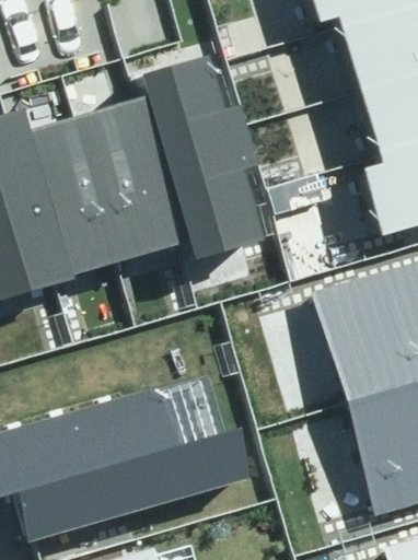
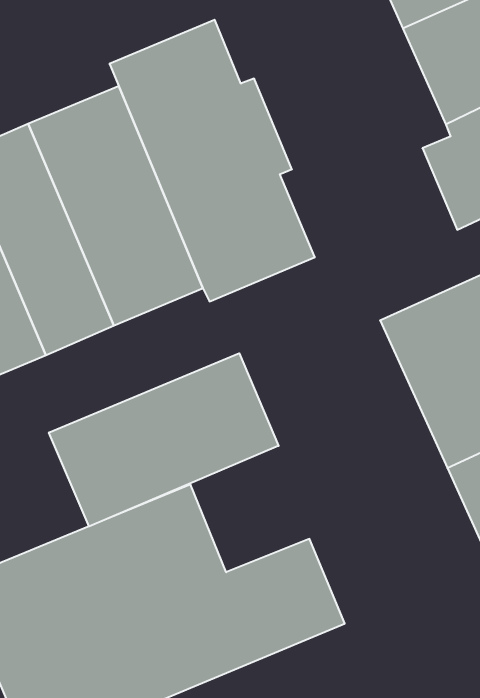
building: none -> [49,353,279,526]

